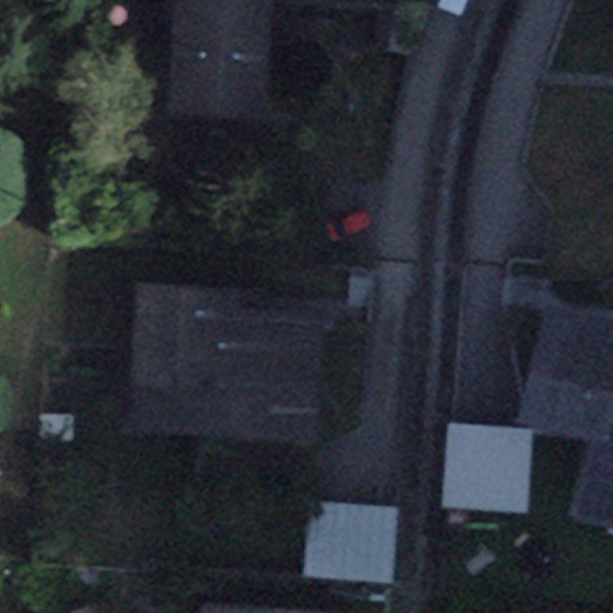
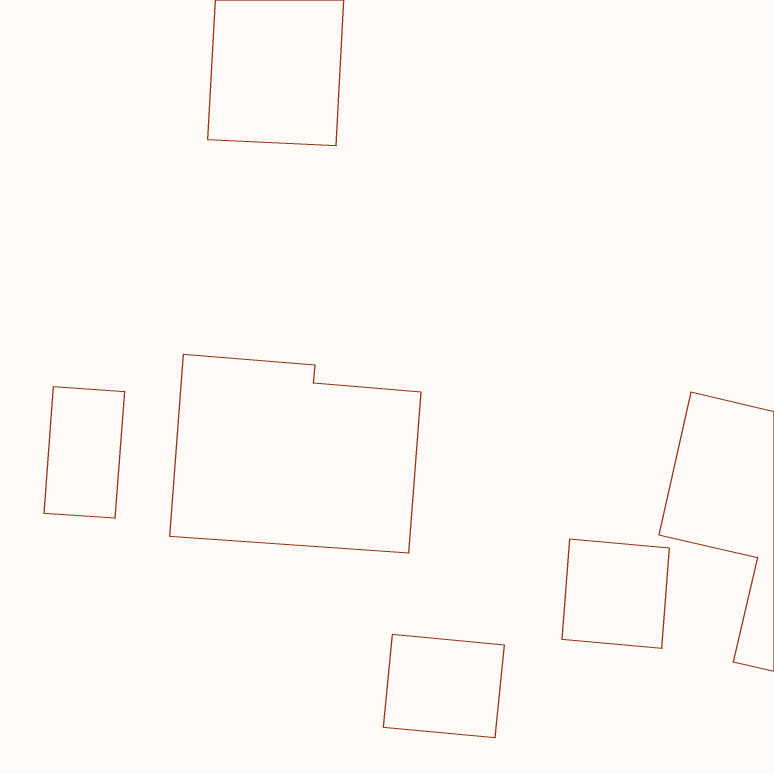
building: none -> [44,387,124,518]

